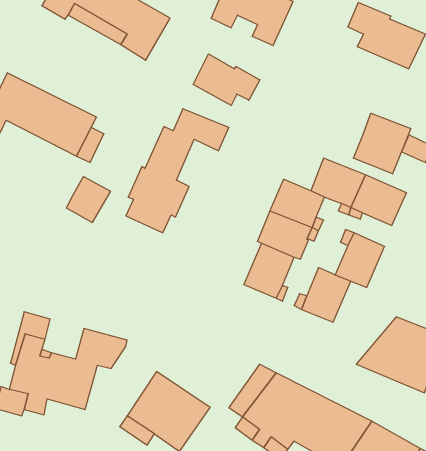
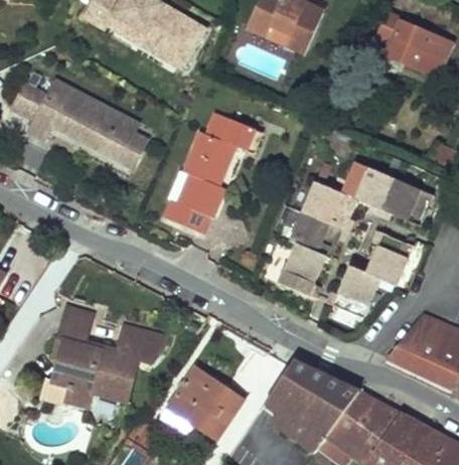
building: [193,54,260,105] -> none
building: [353,113,411,174] -> none
building: [66,176,110,223] -> none

